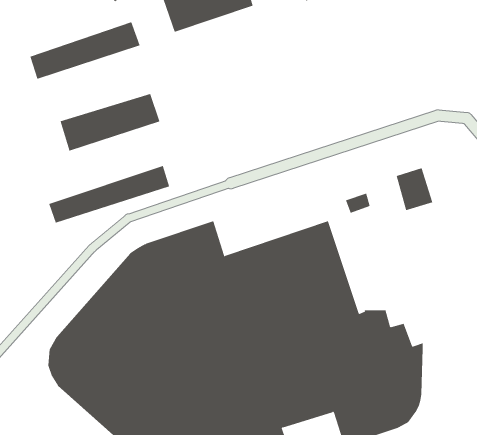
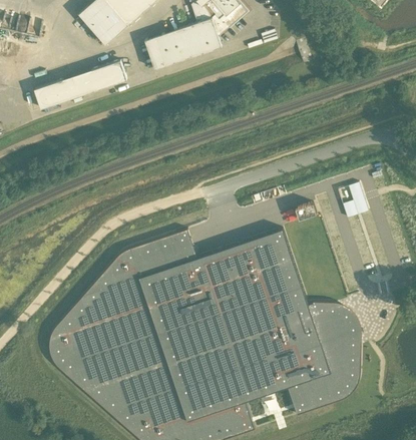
building: [60,93,160,152] -> none
building: [48,165,170,224] -> none

